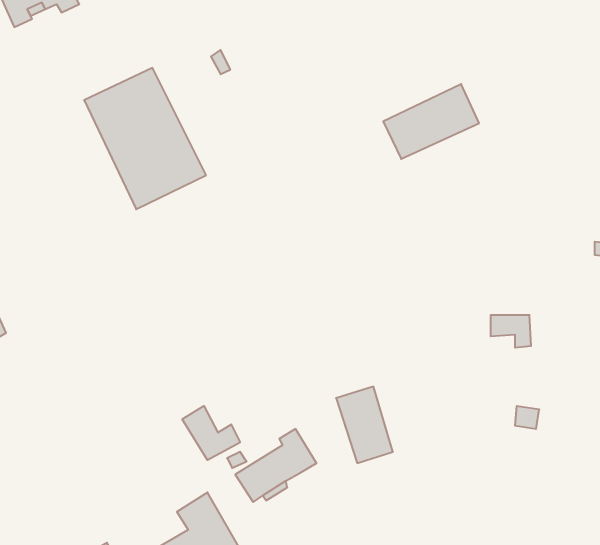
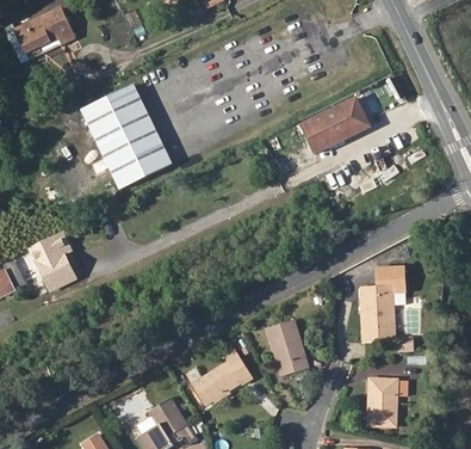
building: none -> [30,232,75,290]
building: none -> [360,287,393,340]
building: [182,406,240,460] -> none
building: none -> [366,379,407,428]

